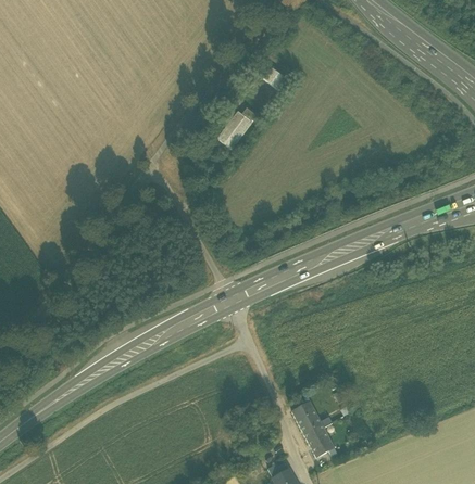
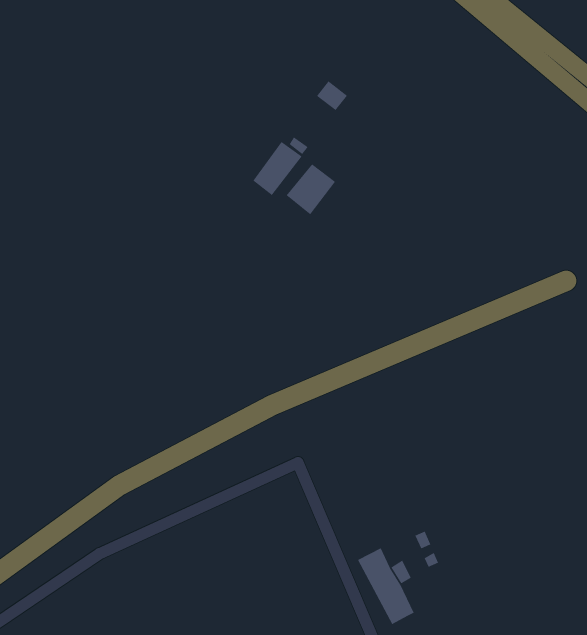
building: none -> [286,164,336,215]

